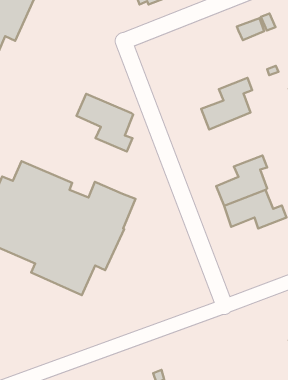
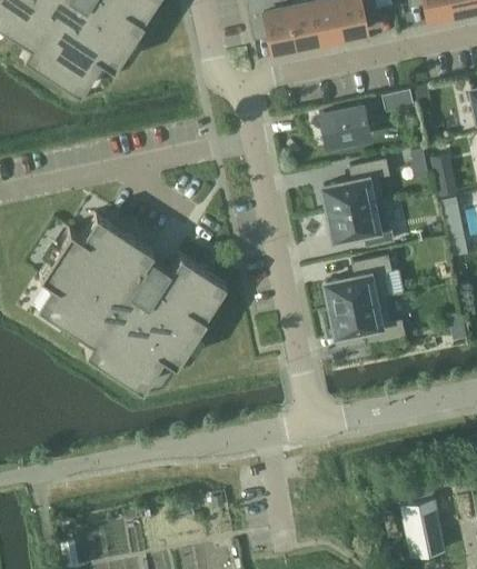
building: none -> [321,108,370,148]
building: [76,94,133,152] -> none
building: none -> [331,203,396,249]

